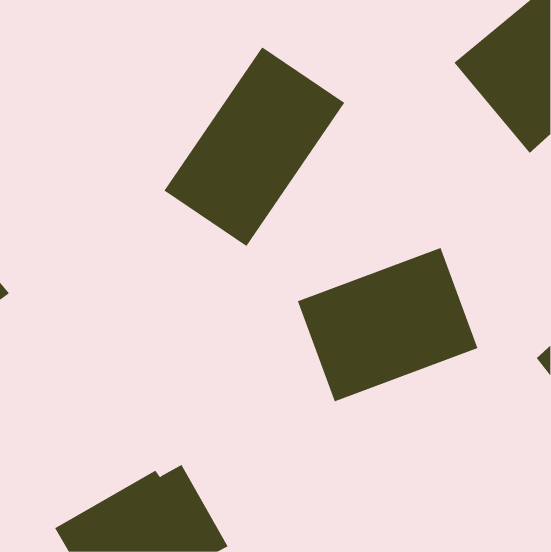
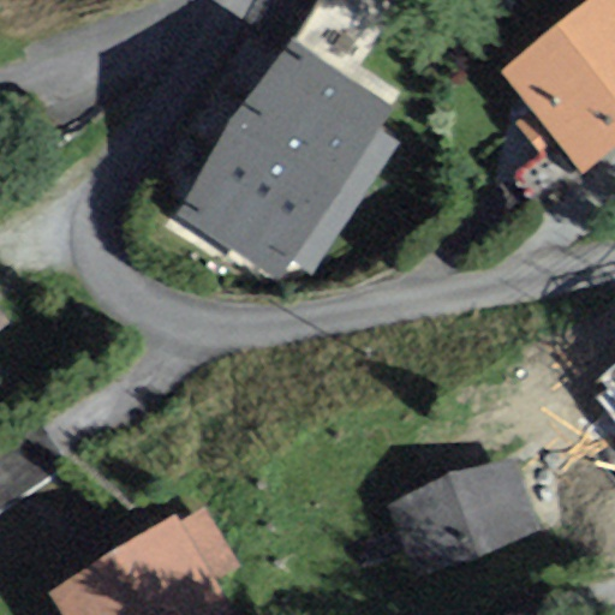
building: [297,247,478,402] -> none
building: none -> [388,456,538,573]

